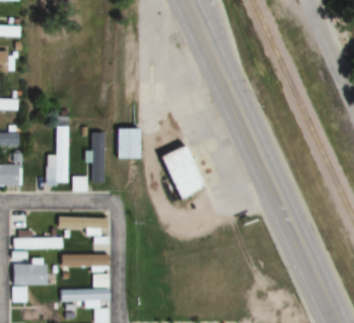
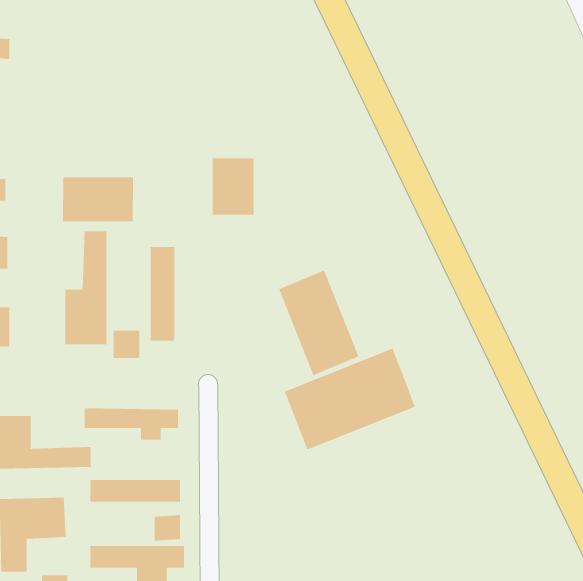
building: none -> [62,176,134,222]
building: [117,129,139,159] -> [212,157,255,216]
building: none -> [284,348,416,451]

